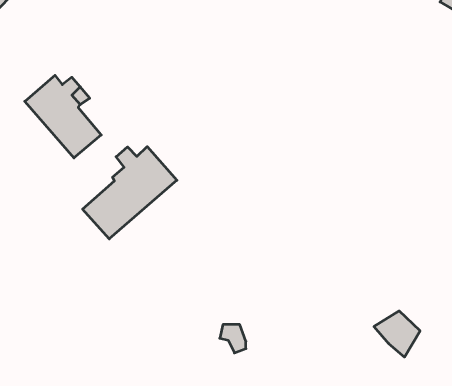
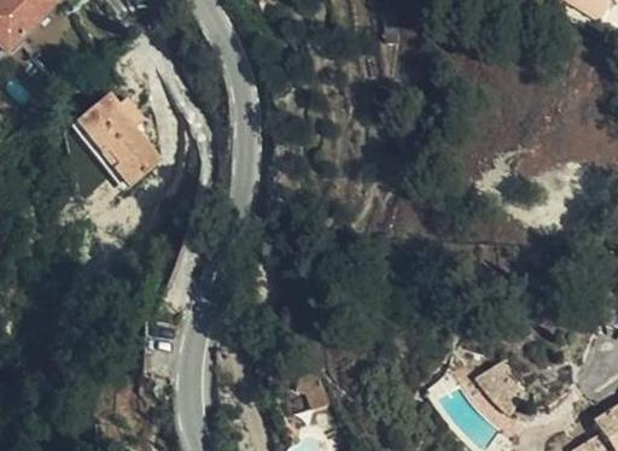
building: [83,147,177,239] -> none

